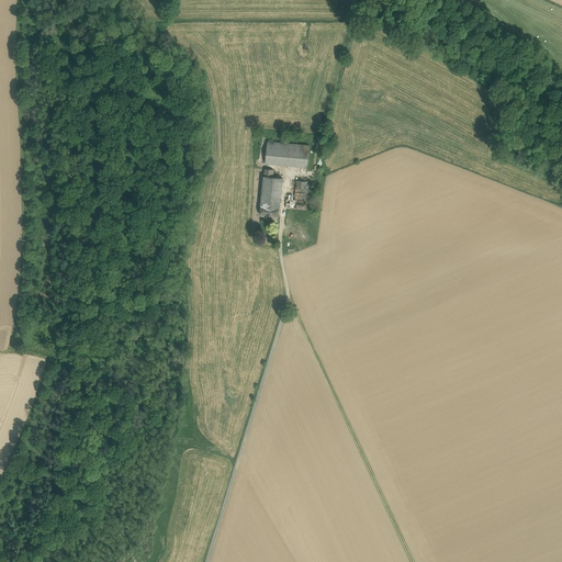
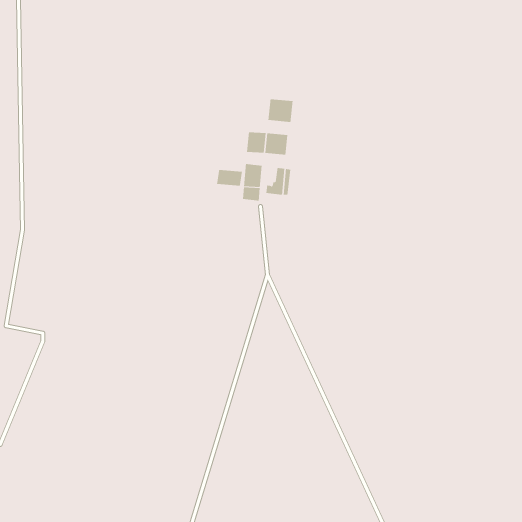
building: none -> [268,98,293,123]
building: none -> [217,169,242,187]

